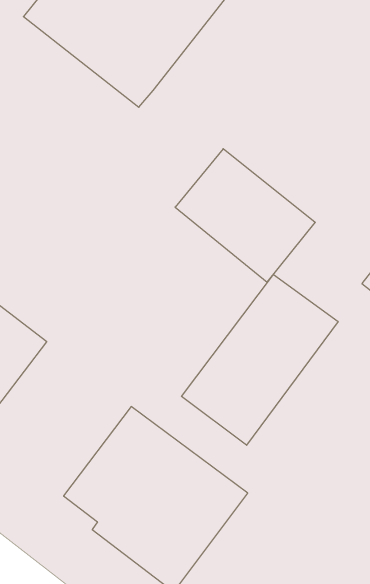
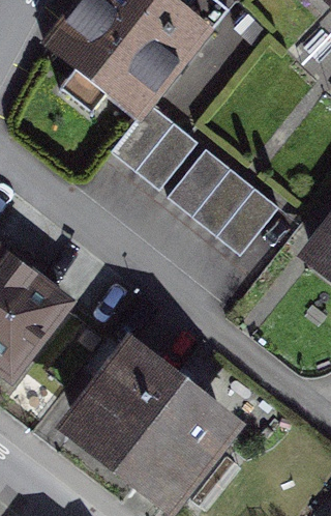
building: none -> [112,104,198,192]
building: [182,274,338,445] -> none

